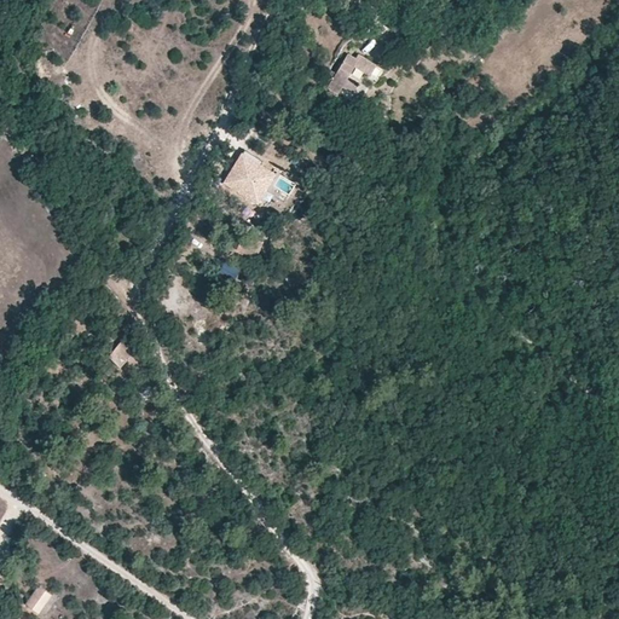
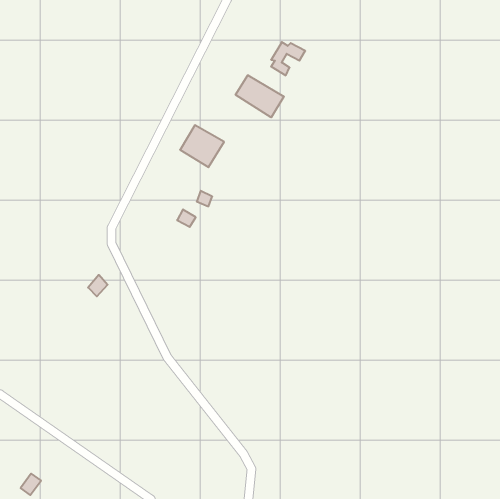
building: none -> [236,75,284,117]

